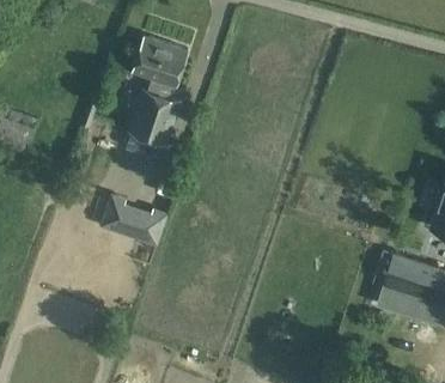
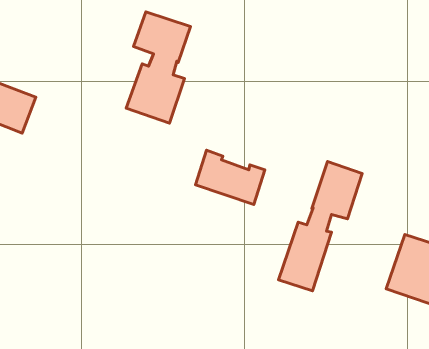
building: none -> [278,162,362,291]
building: [98,194,165,247] -> [195,150,265,205]

